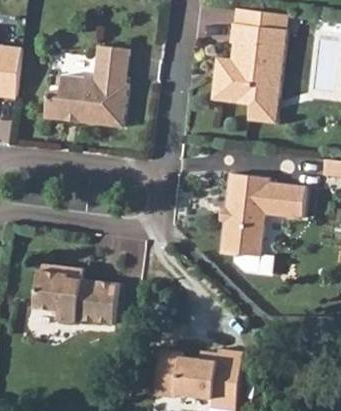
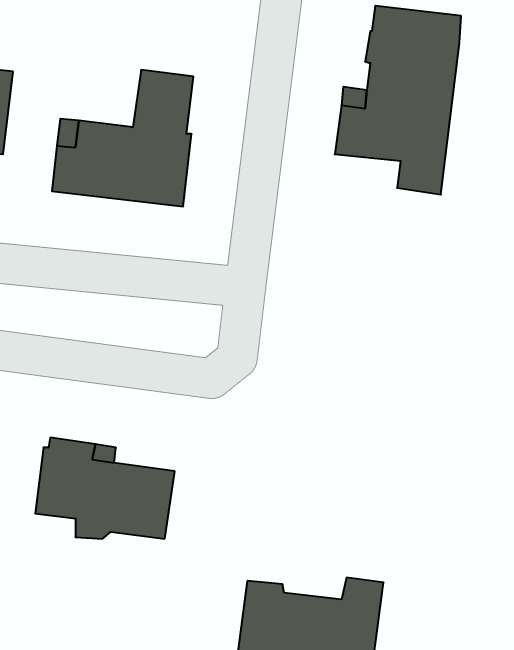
building: [219,173,305,254] -> none

